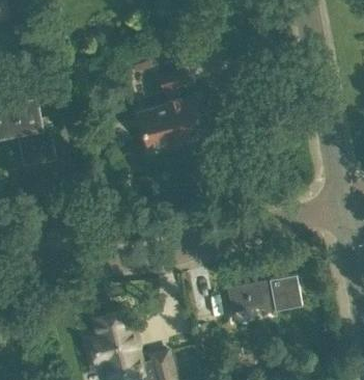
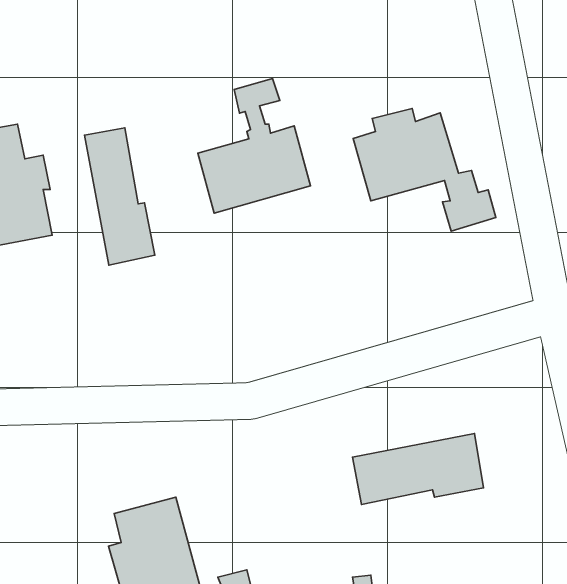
building: none -> [353,108,496,231]
building: none -> [84,128,155,265]

